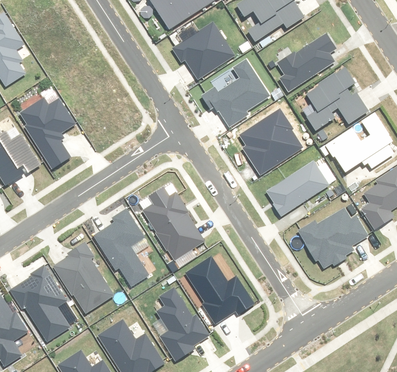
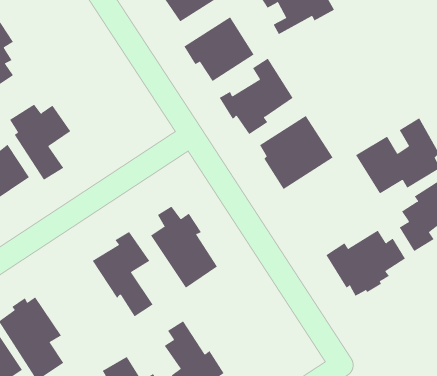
building: [276,35,334,91] -> none
building: [304,70,366,129] -> none
building: [264,160,329,217] -> none
building: [52,244,114,315] -> none
building: [184,256,252,322] -> none

